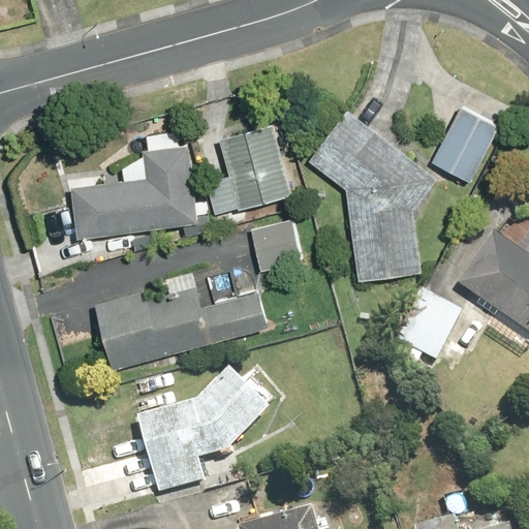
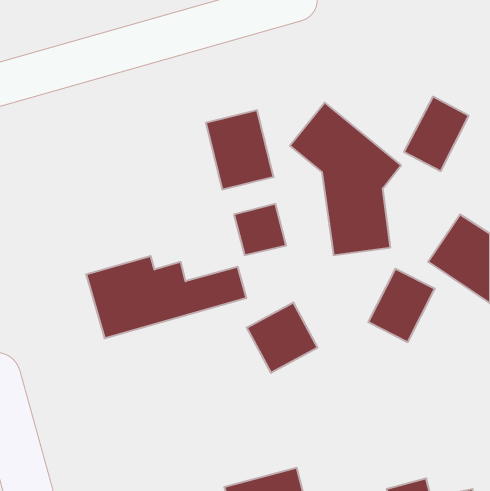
building: [72,144,211,240] -> none
building: none -> [247,302,318,373]
building: [132,366,269,494] -> none

